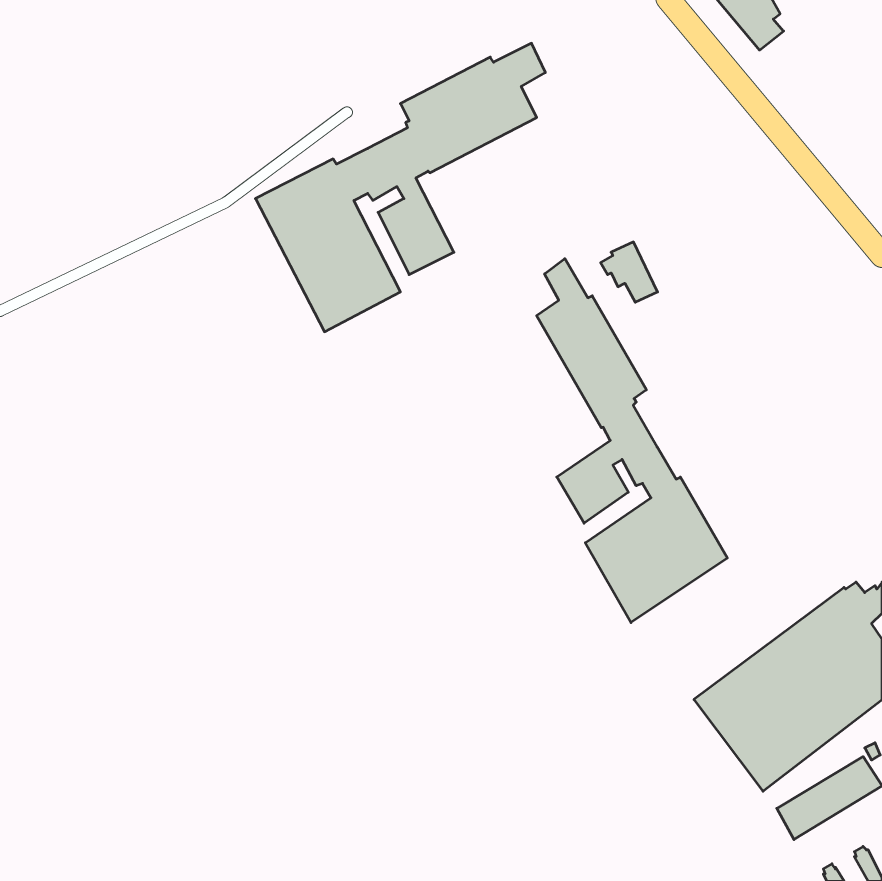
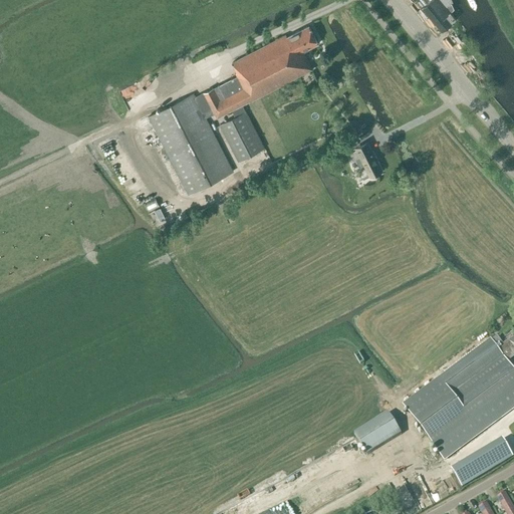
building: [537,259,727,623] -> none
building: none -> [354,413,401,455]

